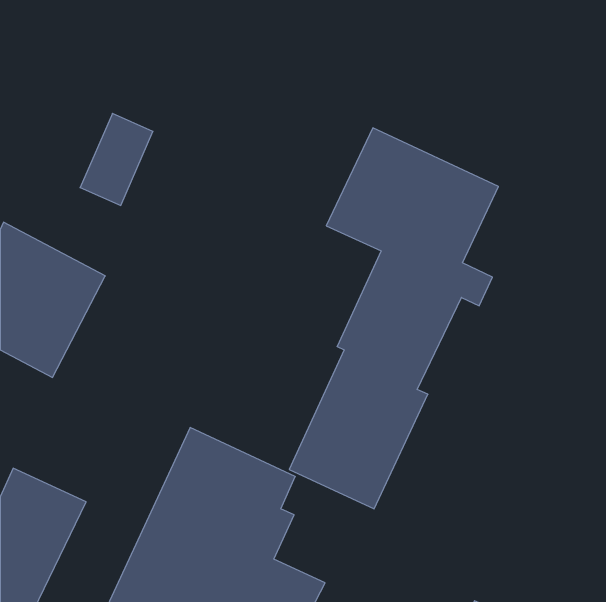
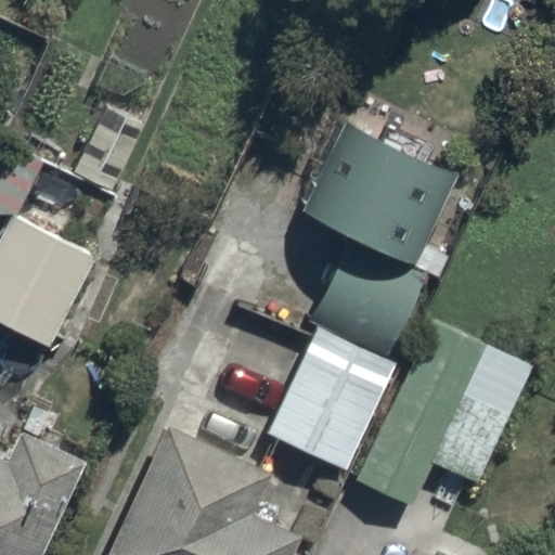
building: none -> [356,322,532,507]

